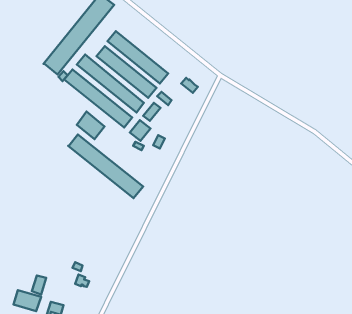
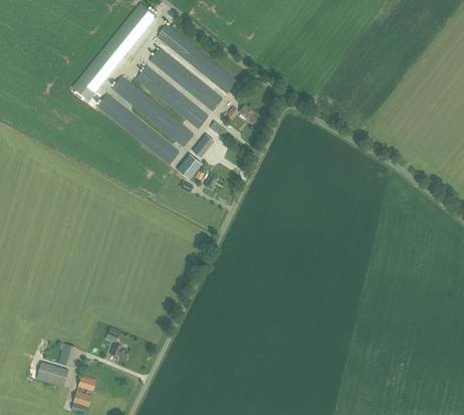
building: none -> [157,24,236,92]
building: [77,112,105,139] -> none
building: [68,134,143,198] -> none

